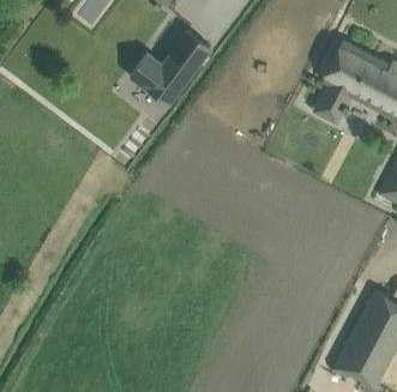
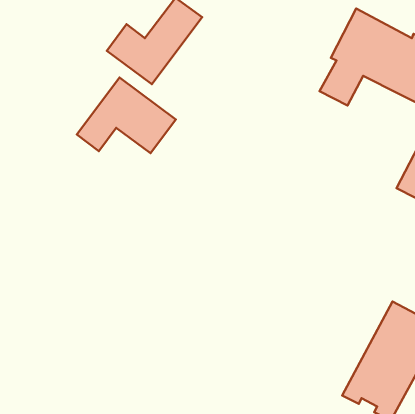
building: none -> [77,77,176,153]

